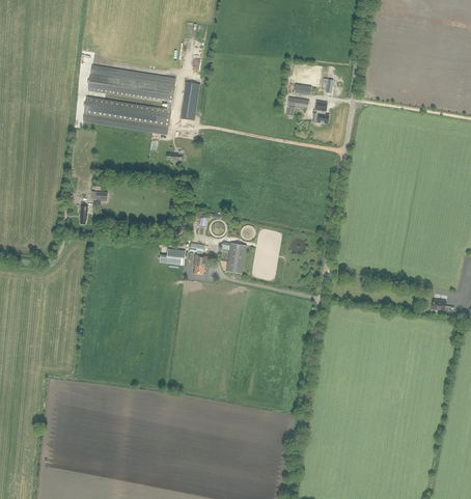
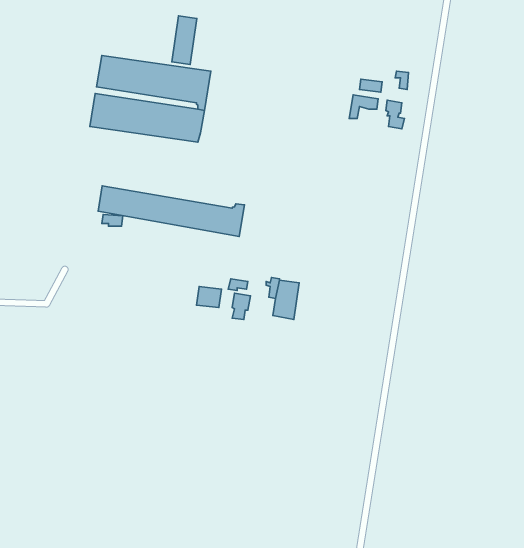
building: [179,81,199,119] -> [172,16,197,64]
building: none -> [98,186,245,237]

